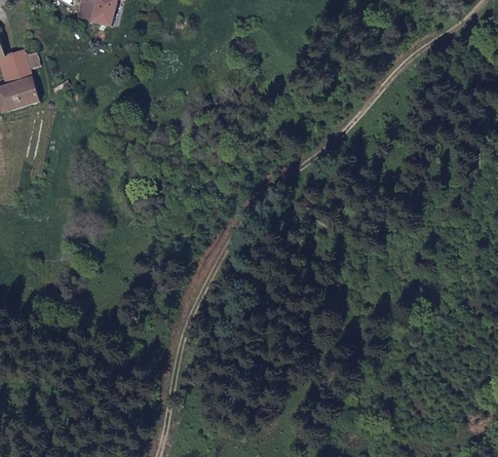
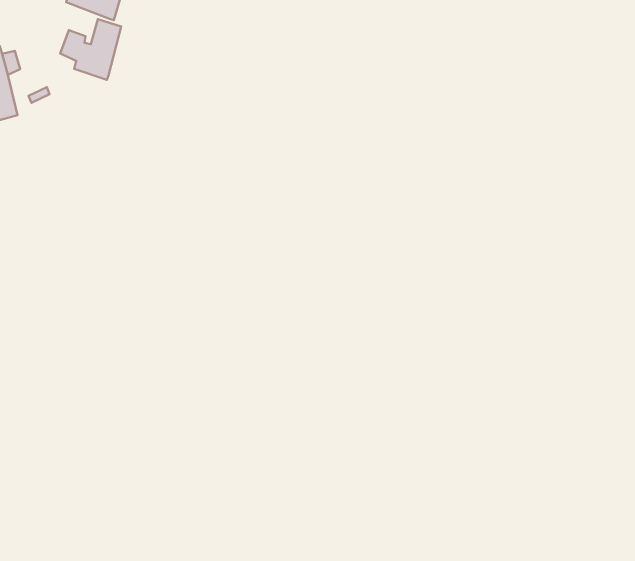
building: none -> [60,19,121,80]

